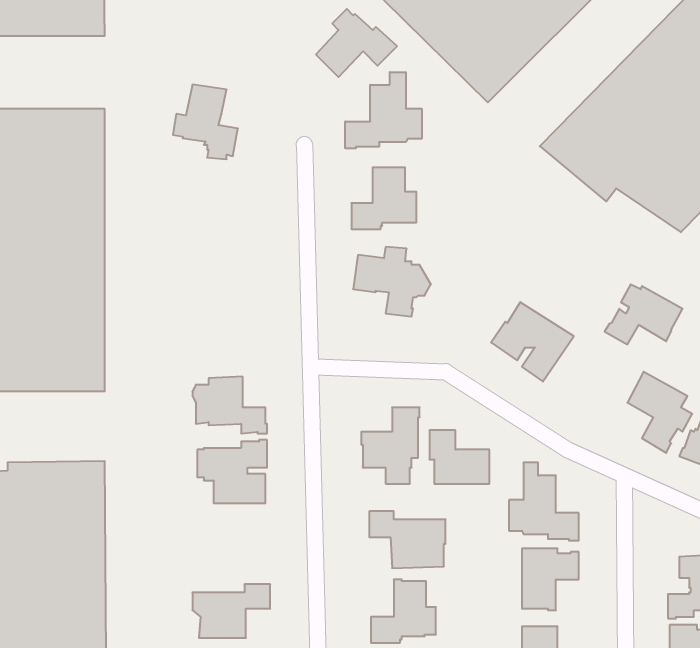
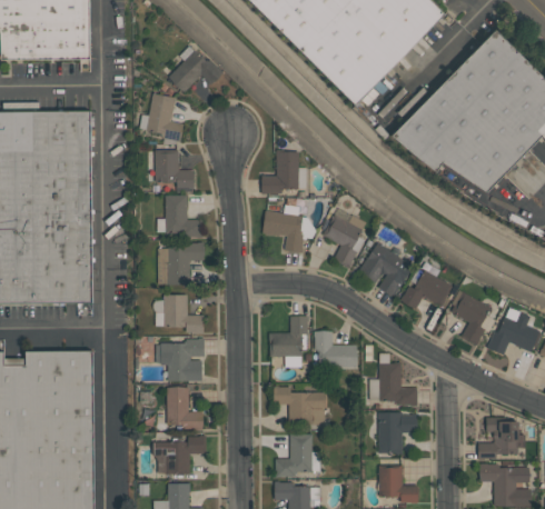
building: [316,9,397,77] -> [168,46,224,92]
building: [345,72,422,148] -> none
building: none -> [155,149,194,188]
building: none -> [156,194,202,237]
building: none -> [321,208,366,268]
building: [605,284,683,344] -> [399,268,453,309]
building: none -> [157,241,204,283]
building: none -> [167,387,202,429]

